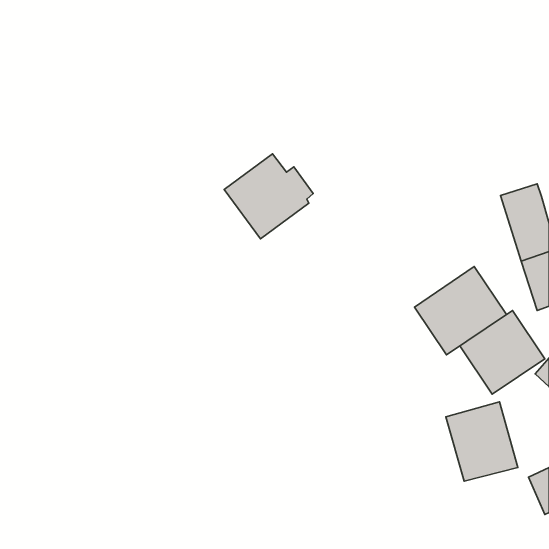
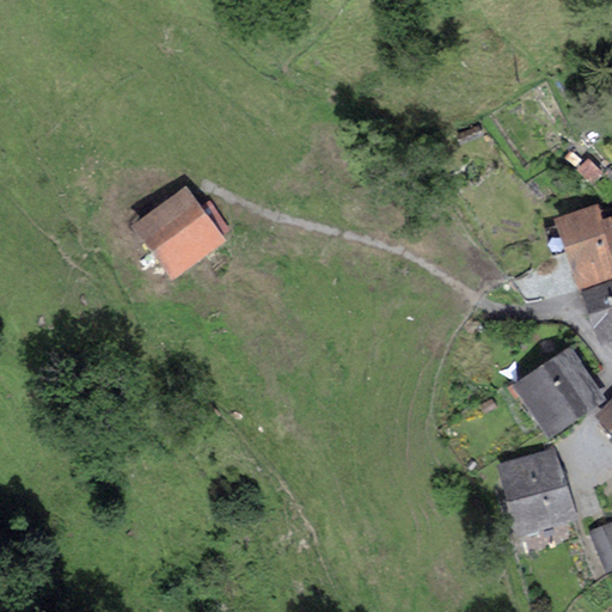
building: [224,154,313,239] -> [131,185,231,280]
building: [414,267,506,355] -> none

